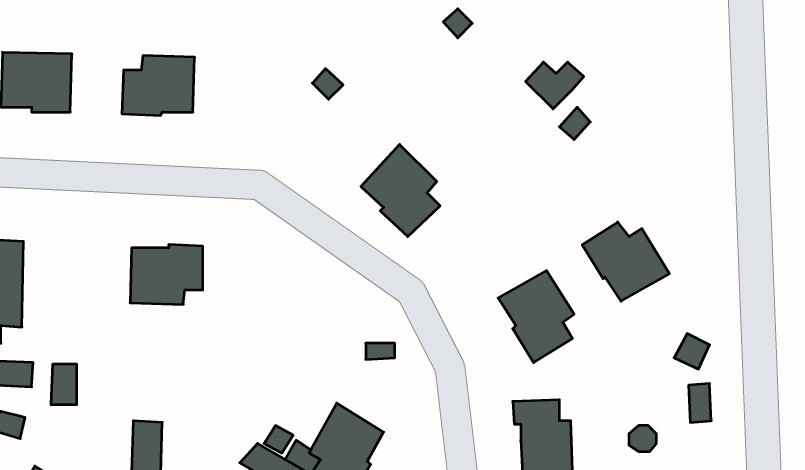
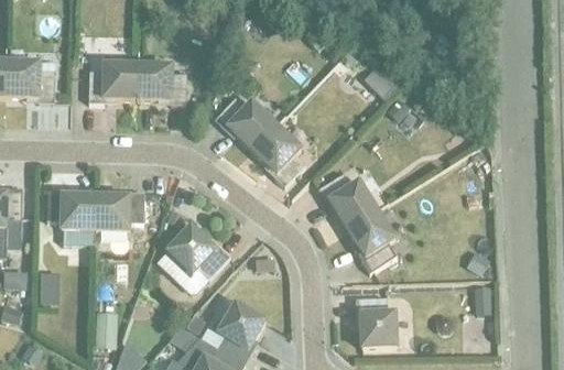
building: none -> [137,63,185,105]
building: none -> [215,98,278,151]
building: [582,222,669,301] -> [318,173,378,227]
building: none -> [46,188,95,242]
building: none -> [156,221,229,292]

